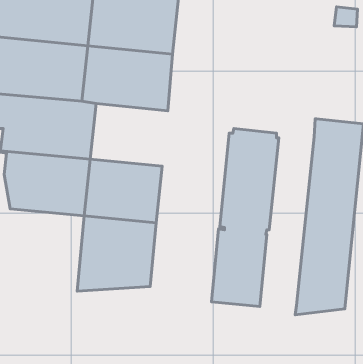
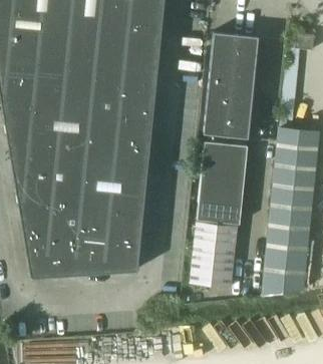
building: none -> [203,31,258,139]
building: none -> [86,114,152,167]
building: none -> [18,204,81,276]

